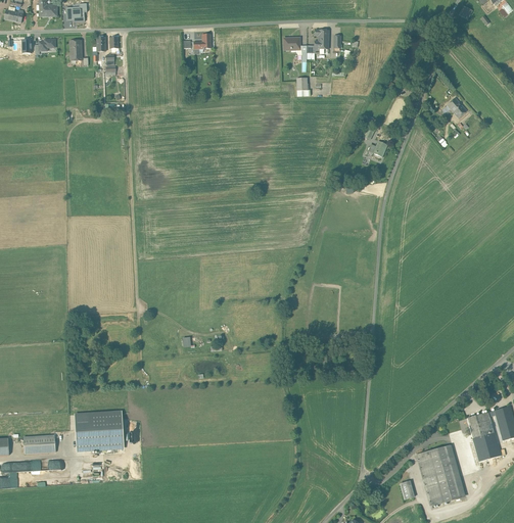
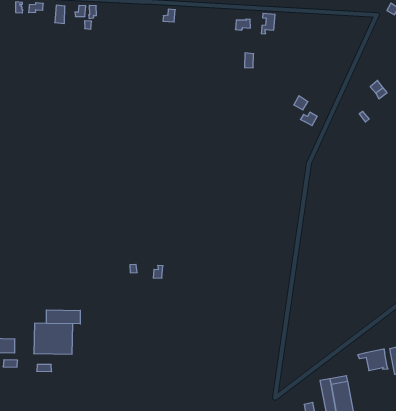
building: none -> [47,310,80,324]
building: [472,430,501,460] -> none

